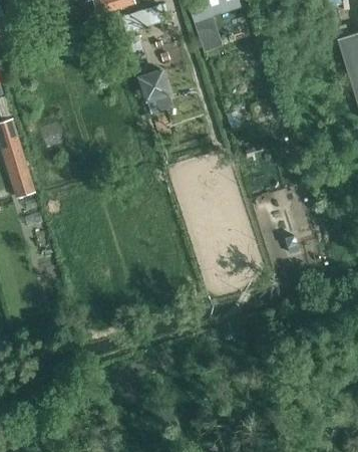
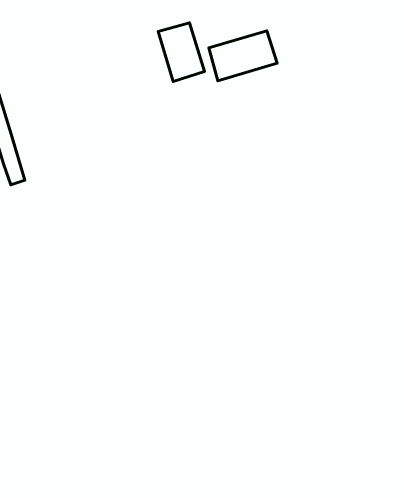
building: none -> [209,31,277,81]

